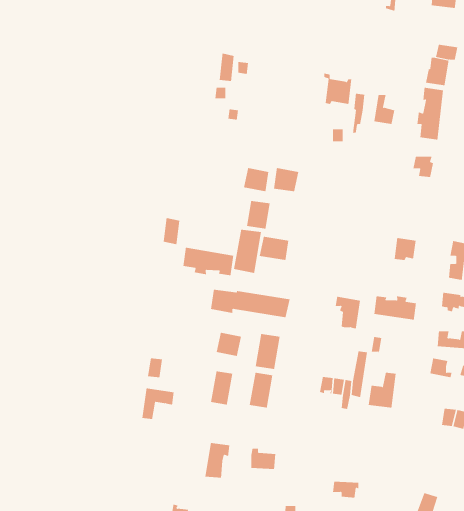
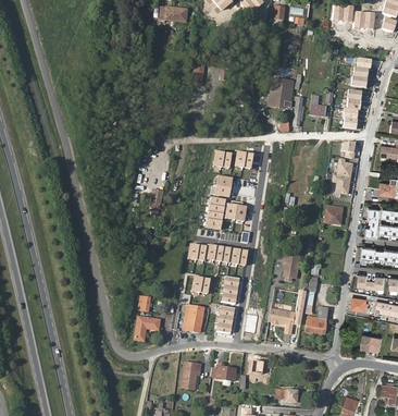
building: none -> [331,159,352,196]
building: [183,247,234,276] -> none
building: [374,295,416,321] -> none

